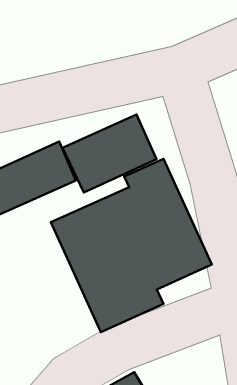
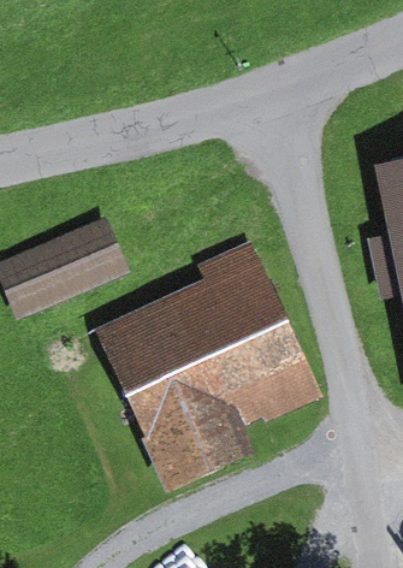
building: [63,114,156,192] -> none

